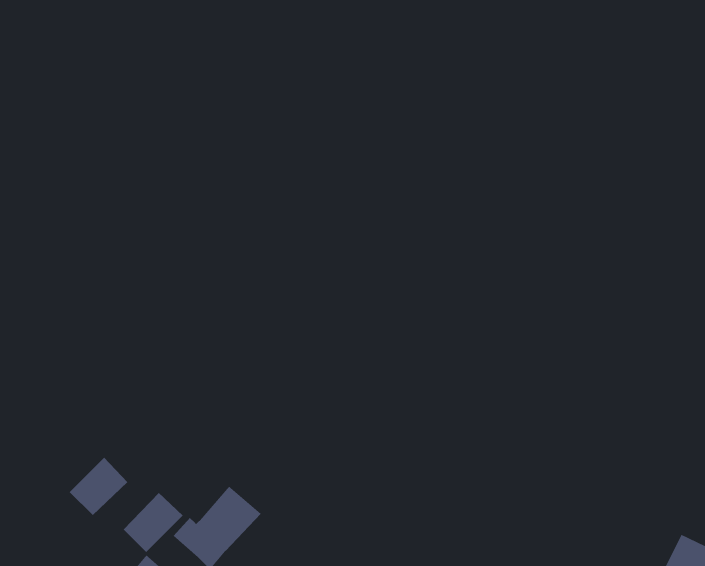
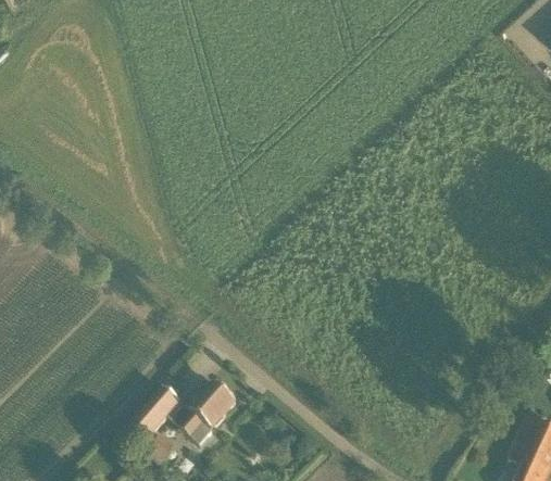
building: [69,457,128,516] -> none

